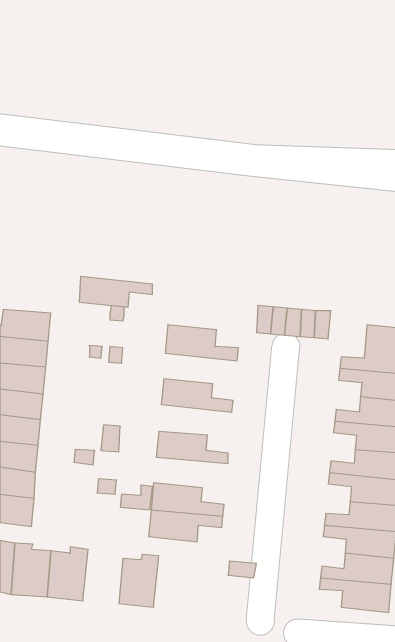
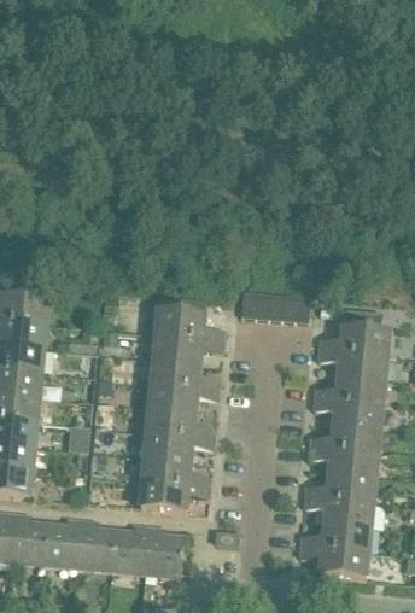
building: [79,276,152,307] -> [154,335,223,364]
building: none -> [150,384,218,413]
building: none -> [145,433,215,462]
building: none -> [78,520,116,571]
building: none -> [145,526,183,578]

